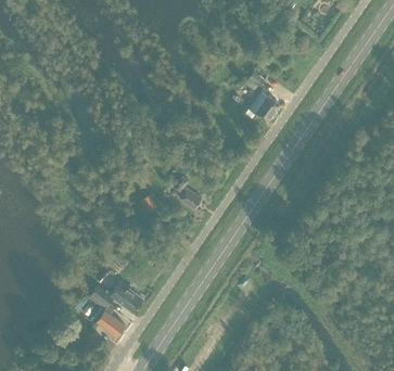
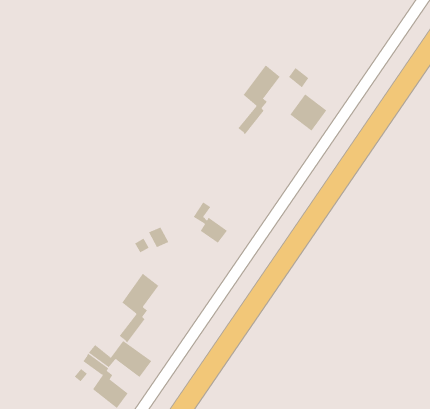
building: none -> [238,65,280,135]
building: none -> [119,273,159,343]

